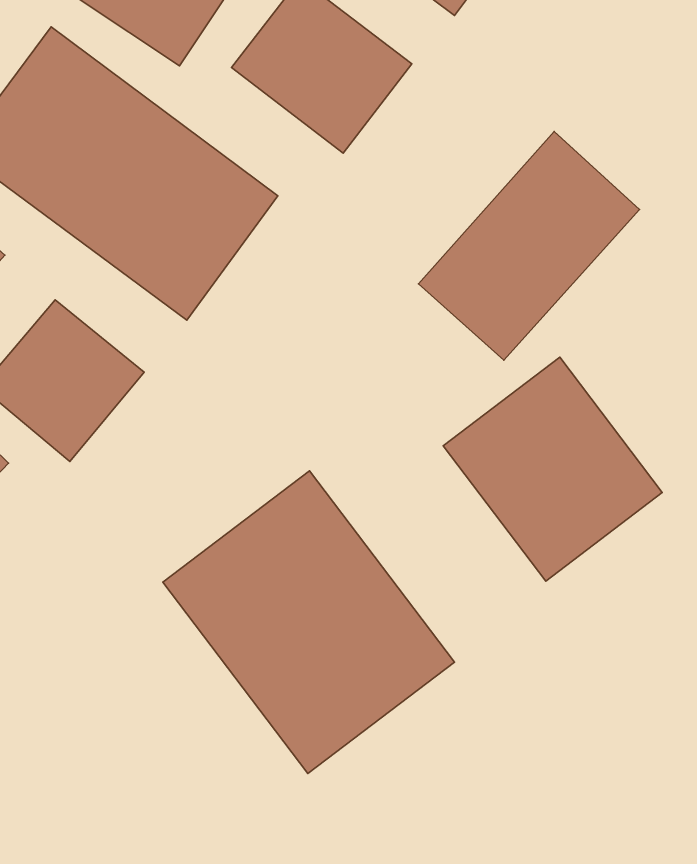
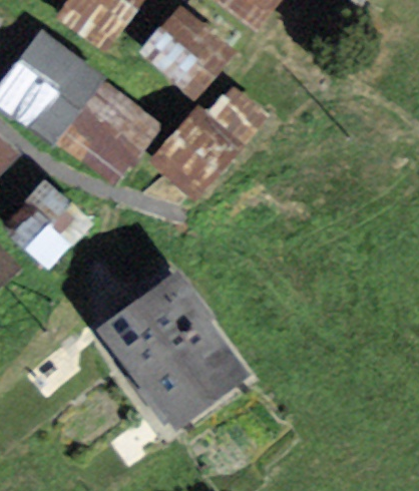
building: [418,132,640,360] -> [147,78,267,201]
building: [443,357,662,581] -> none

